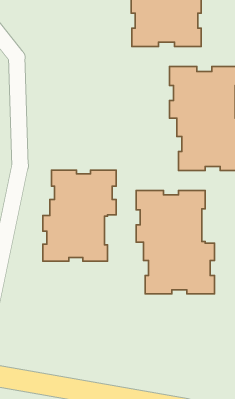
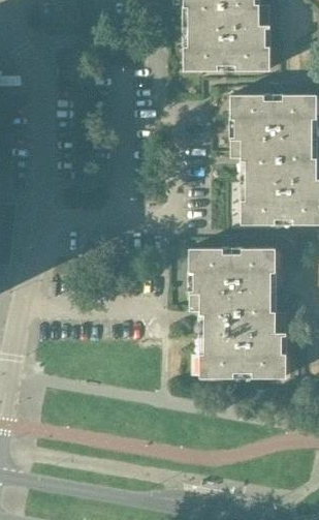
building: [43,170,116,261] -> none

